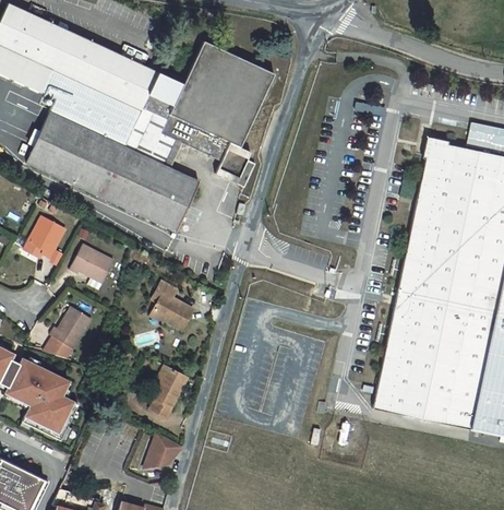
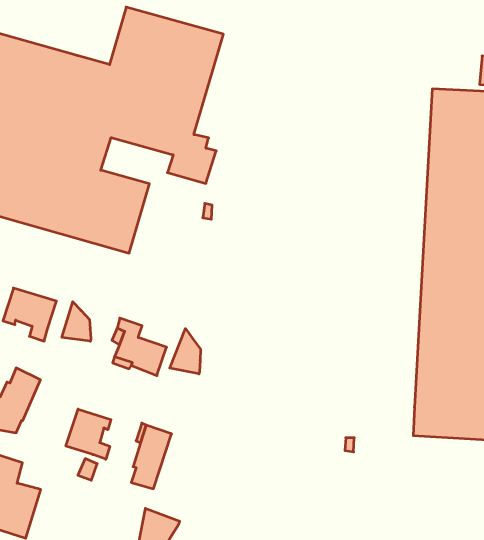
building: none -> [62,302,91,341]
building: none -> [170,329,201,374]
building: none -> [66,409,111,459]

